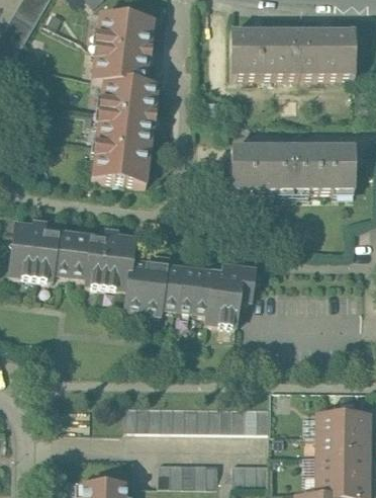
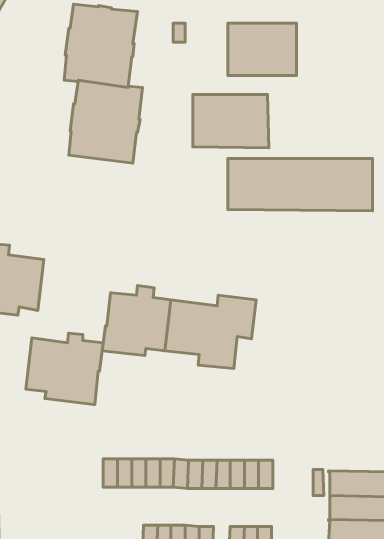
building: [289,30,354,76] -> [193,94,269,148]
building: [91,143,150,183] -> none
building: [69,228,134,288] -> [26,333,103,404]

